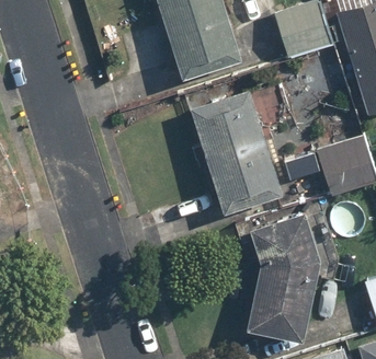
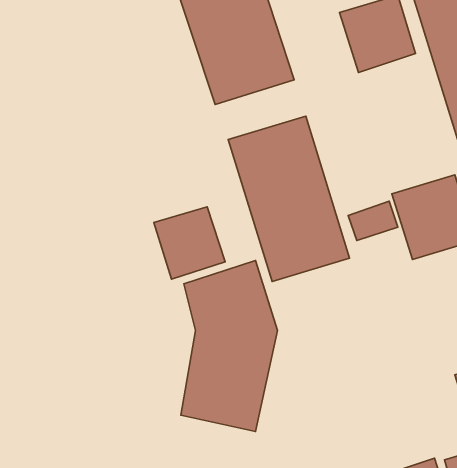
building: none -> [154,207,225,279]
building: [248,215,320,343] -> [181,260,277,431]

